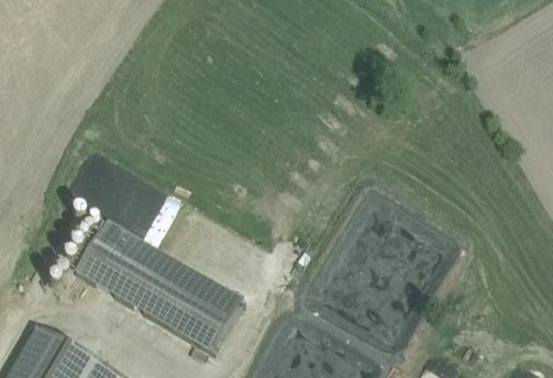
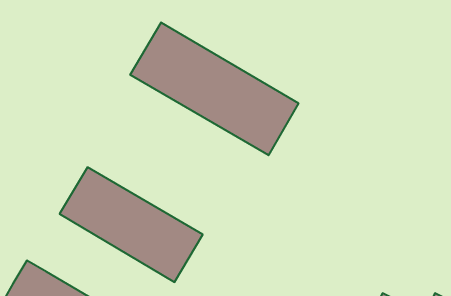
building: none -> [130,22,298,155]

